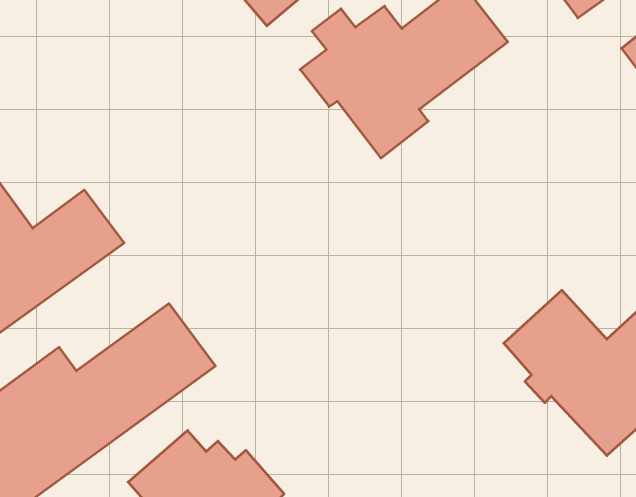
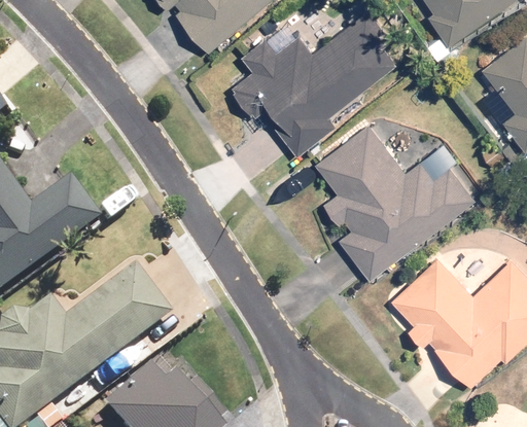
building: none -> [317,126,472,280]

